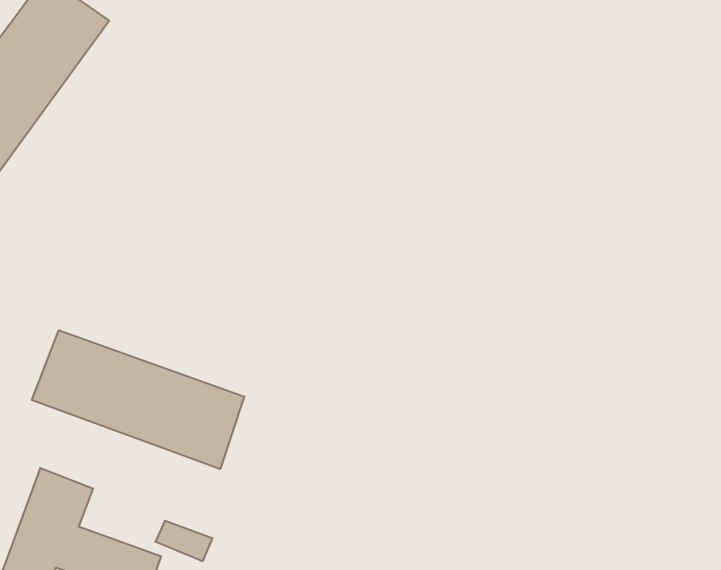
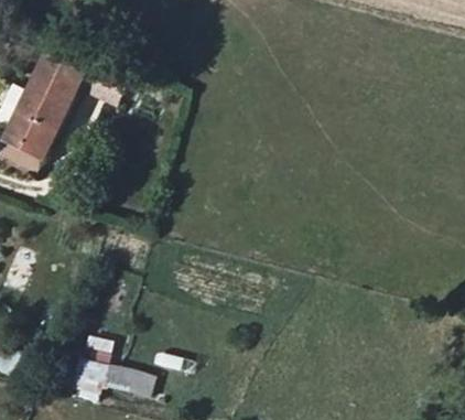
building: [32,330,244,469] -> none

